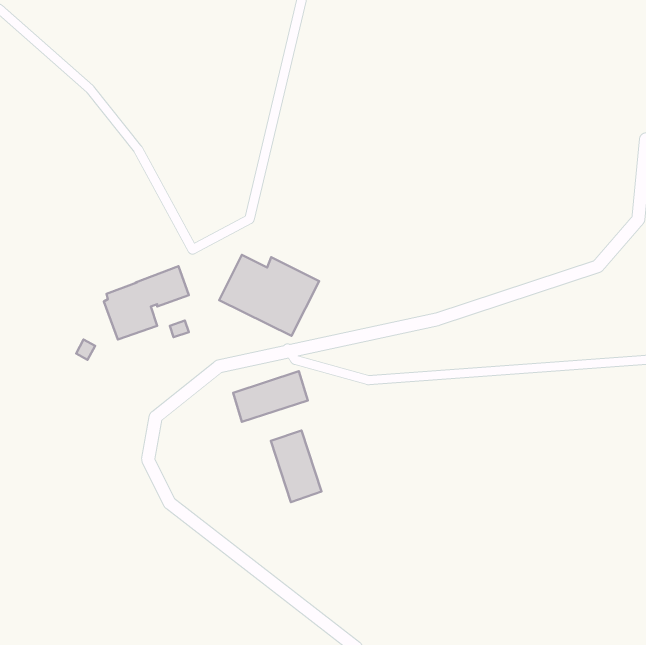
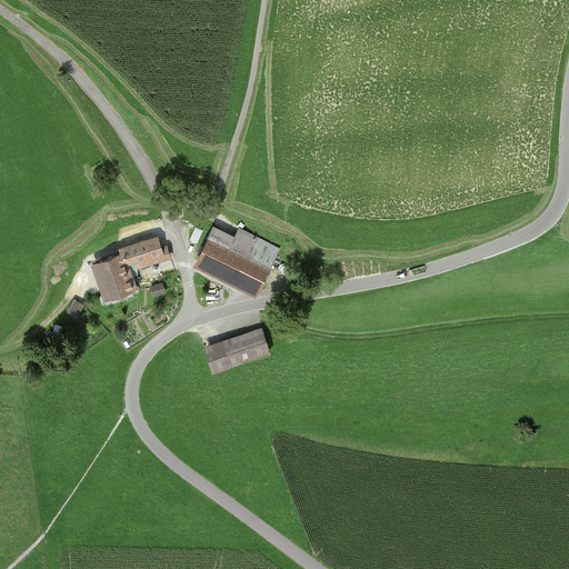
building: [271,430,321,502] -> none

